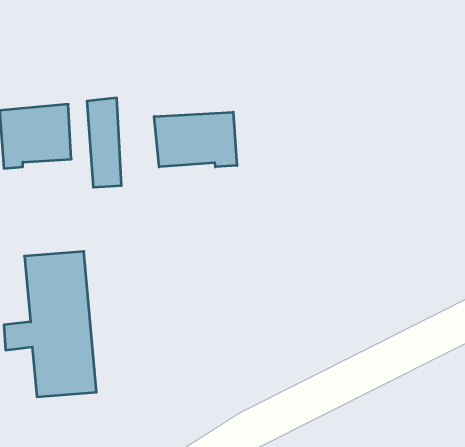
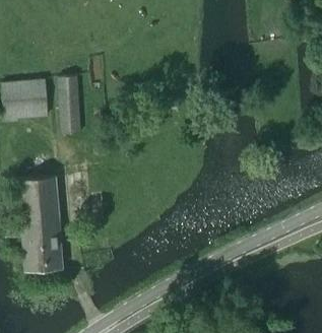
building: [154,112,237,167] -> none

